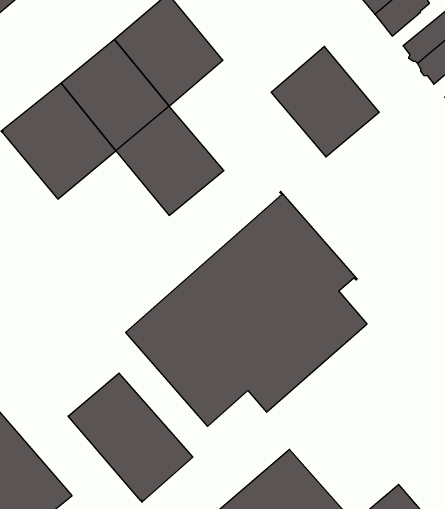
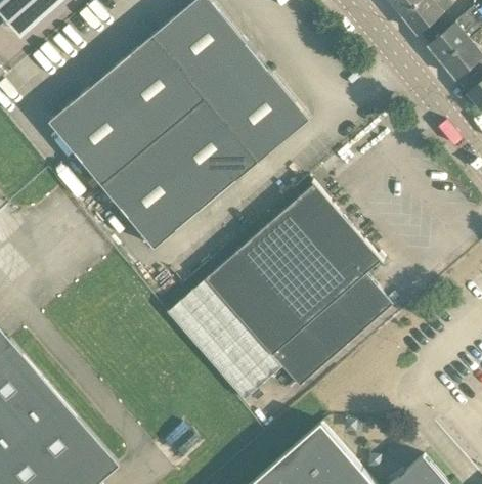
building: [271,46,379,157] -> [207,57,308,161]
building: none -> [102,142,207,248]
building: [68,373,193,502] -> none

